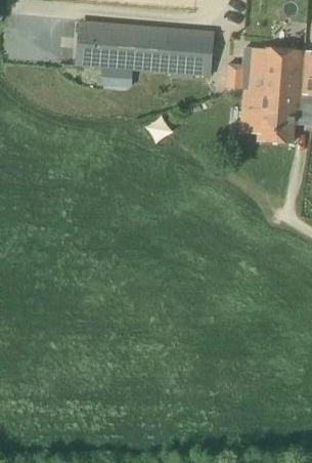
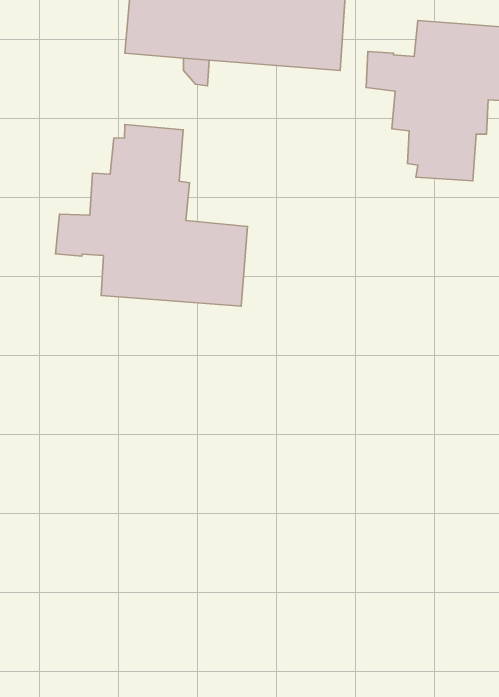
building: none -> [55,124,247,306]

